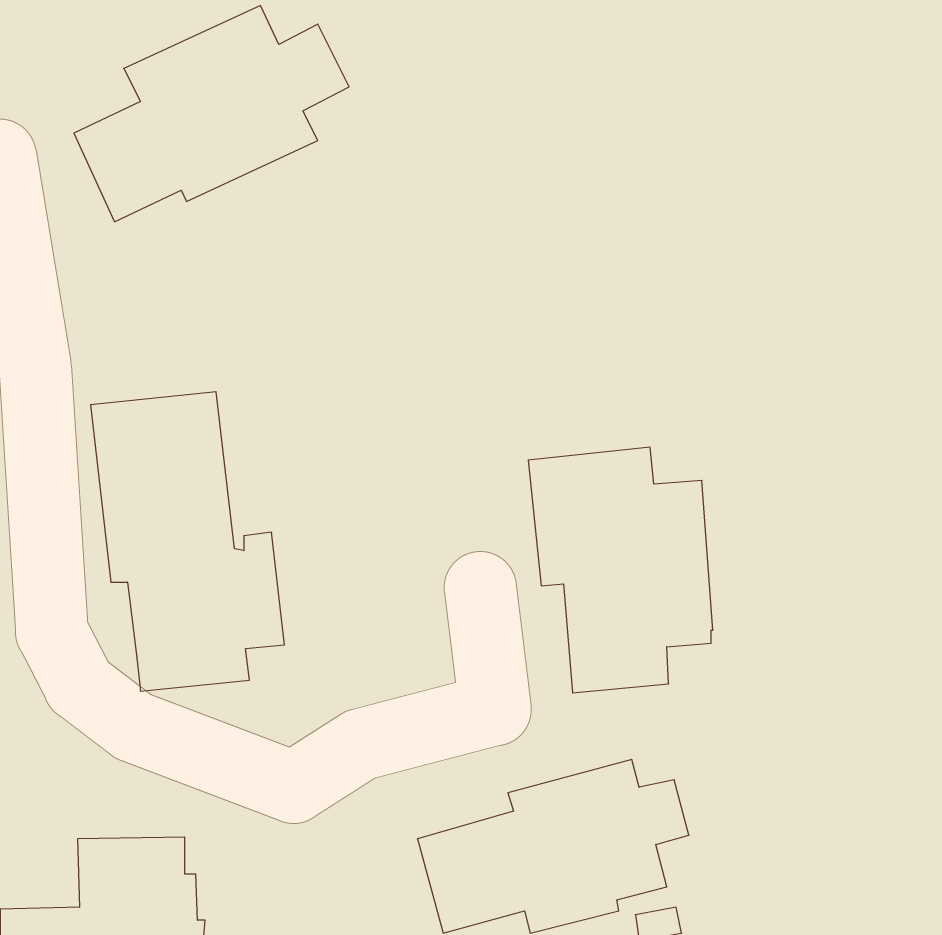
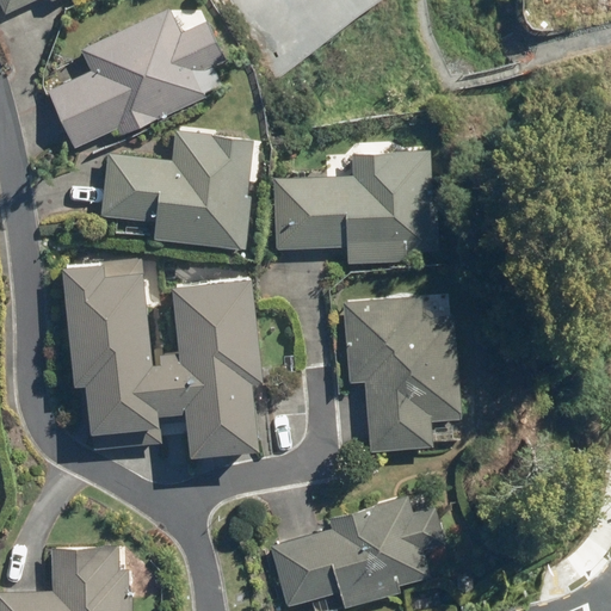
building: none -> [101,131,253,248]
building: none -> [272,150,440,265]
building: none -> [169,274,261,455]

